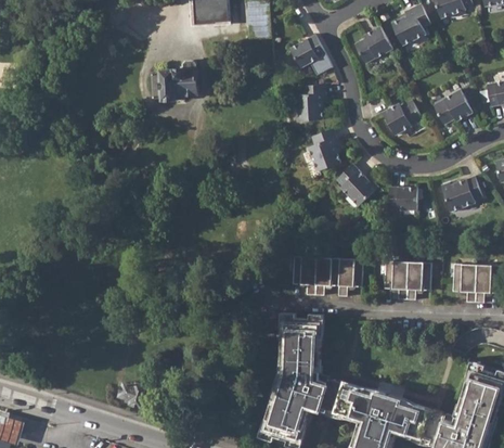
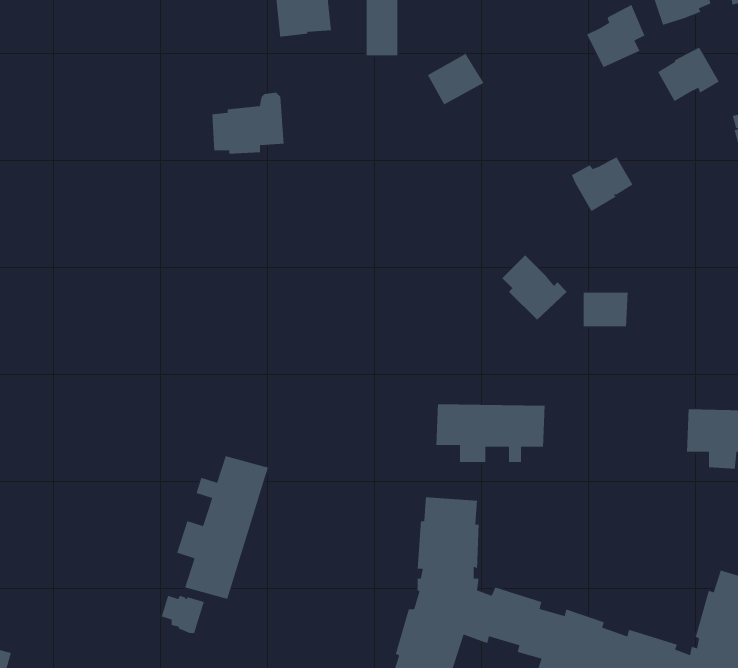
building: [352,26,391,63] -> none
building: [296,85,325,121] -> none
building: [431,89,471,125] -> [657,46,720,102]
building: [307,129,340,171] -> none
building: [440,176,482,212] -> none
building: [386,261,432,300] -> none
building: none -> [176,455,269,600]

